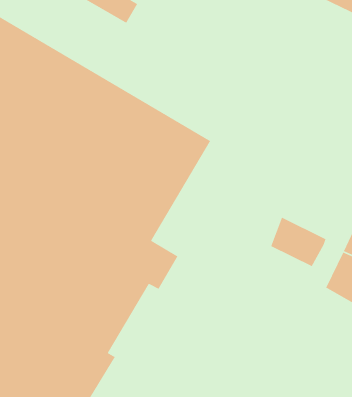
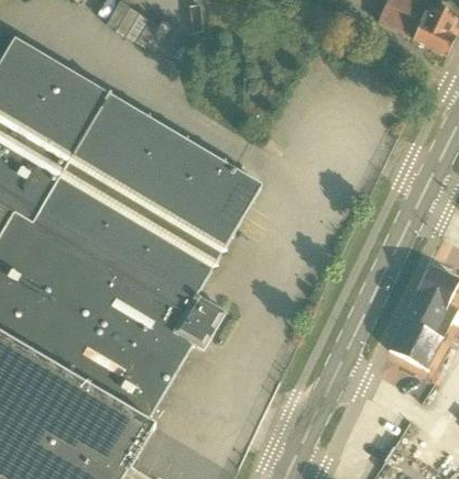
building: [270,216,327,267] -> none

